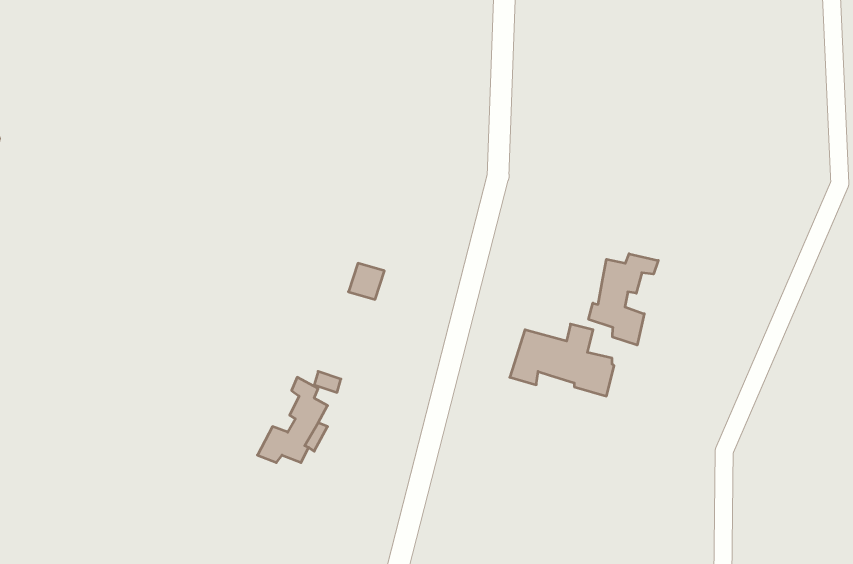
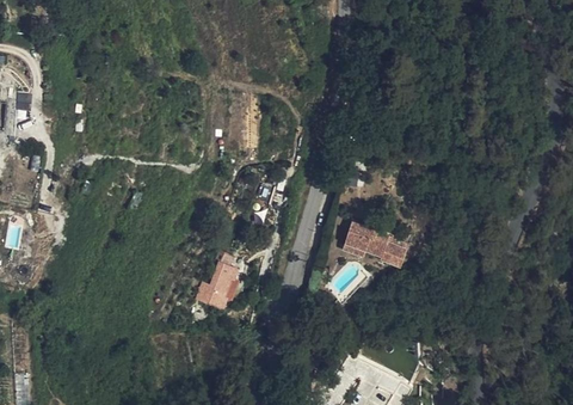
building: [589,254,658,345] -> none

